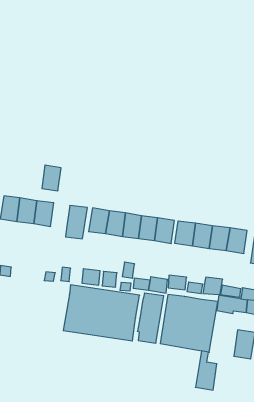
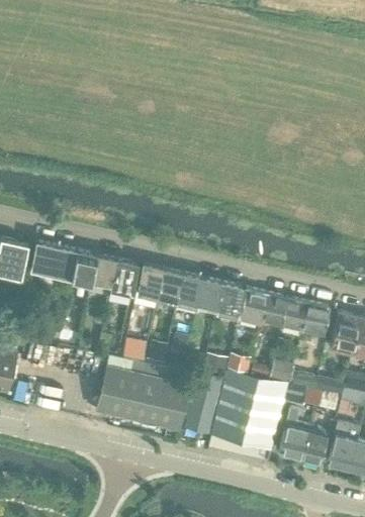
building: [42,165,61,191] -> [91,255,116,288]
building: [195,351,217,390] -> [279,410,307,458]

